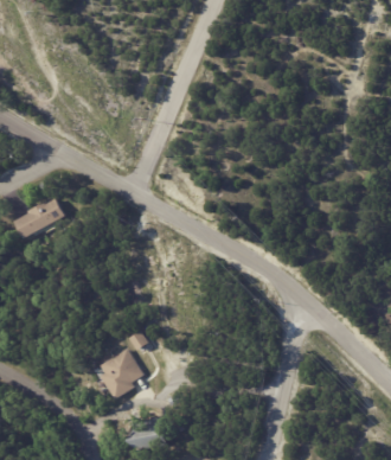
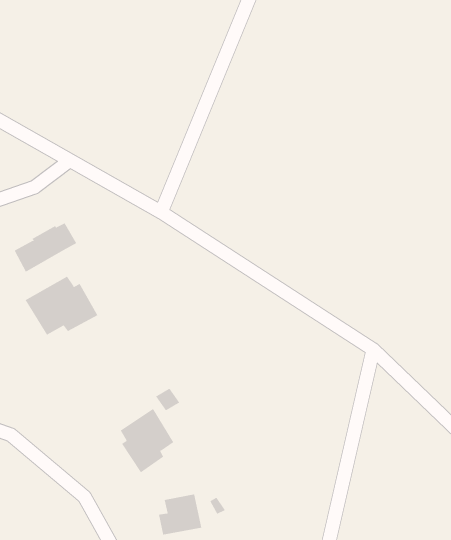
building: none -> [25,276,98,336]

